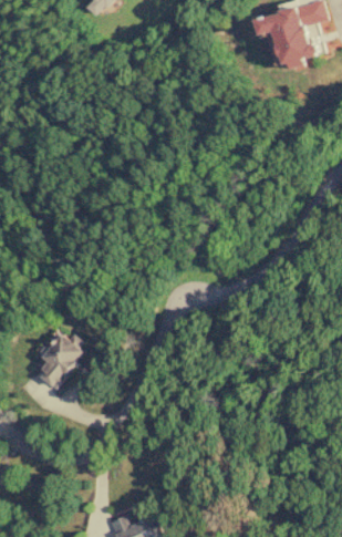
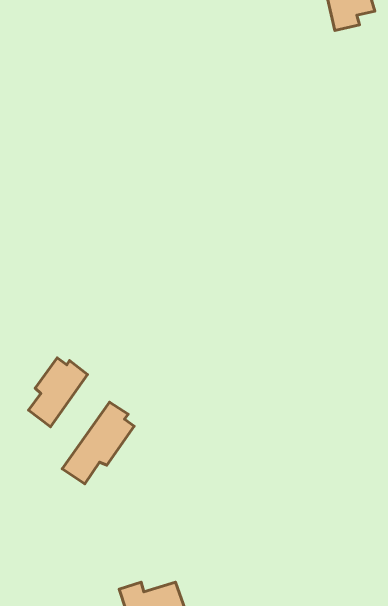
building: none -> [62,402,134,484]

